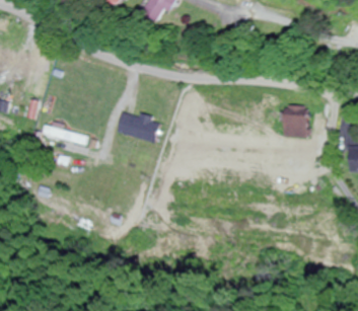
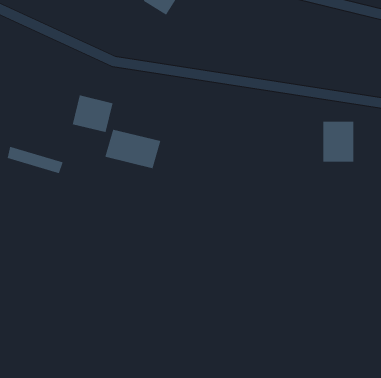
building: none -> [72,95,113,133]

